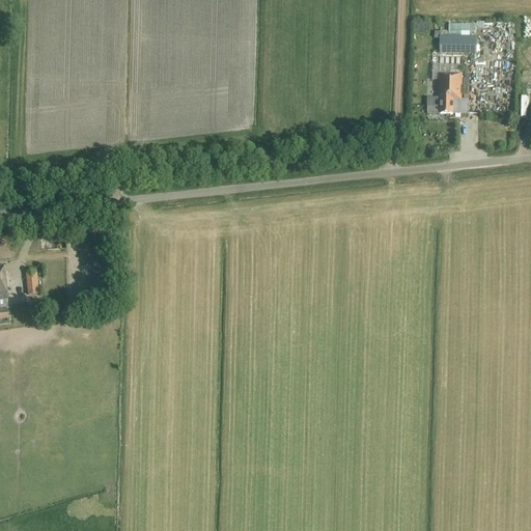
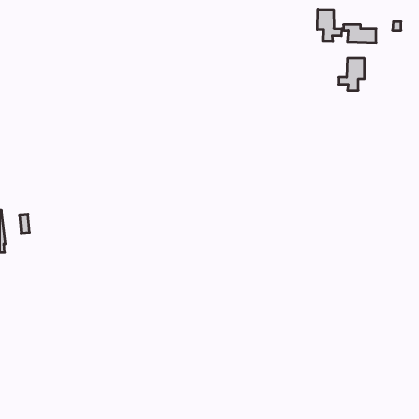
building: none -> [317,9,342,41]

